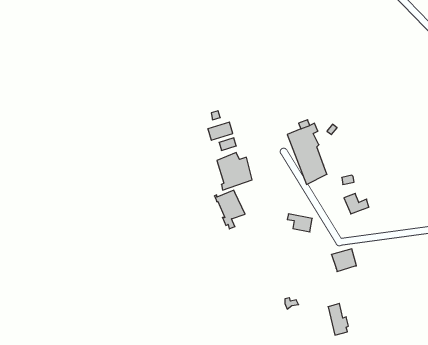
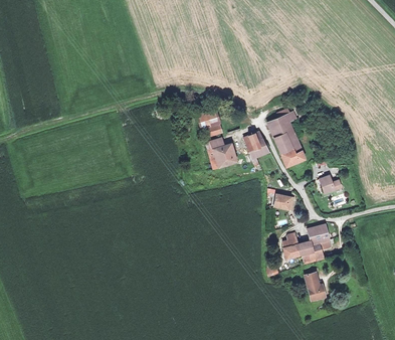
building: [214,190,245,229] -> [241,131,268,165]
building: none -> [282,232,324,265]

